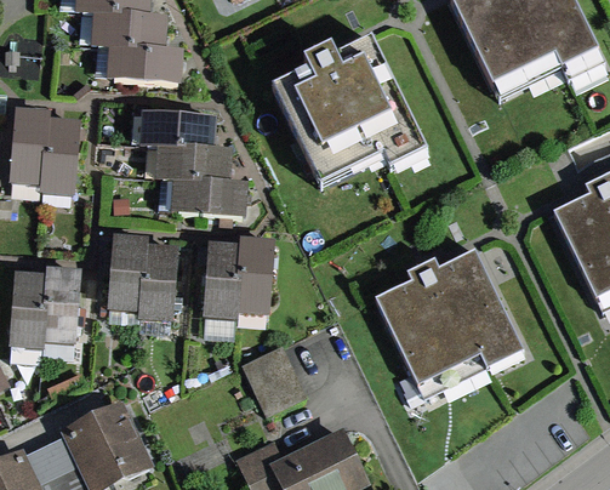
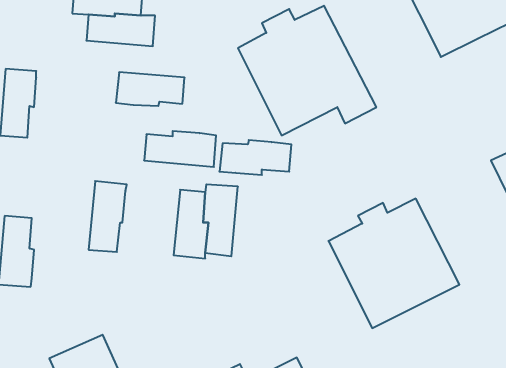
building: [39,118,80,195] -> none
building: [154,144,234,183] -> [219,140,291,175]
building: [139,244,178,321] -> none
building: [42,268,80,342] -> none
building: [243,347,307,417] -> none

